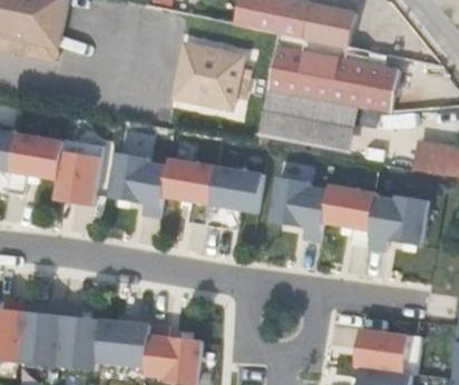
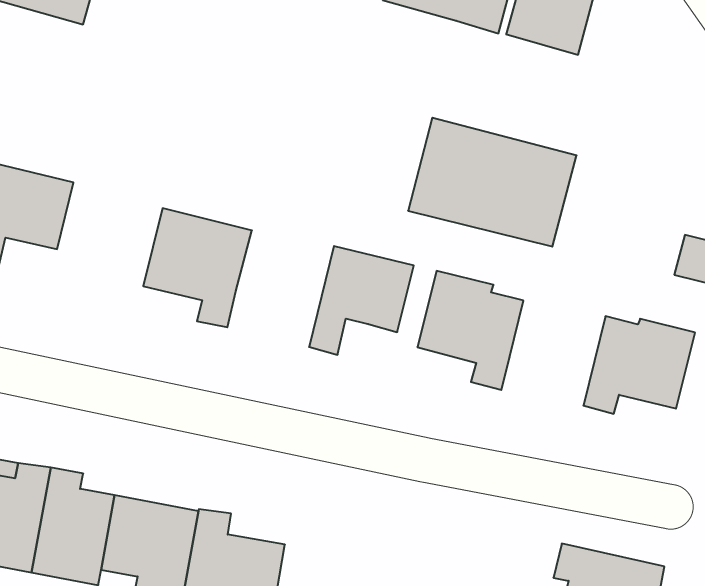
building: [172,38,242,103] -> none
building: [267,46,399,111] -> none
building: [53,139,102,206] -> none
building: [162,157,216,225] -> none
building: [322,184,377,247] -> none

